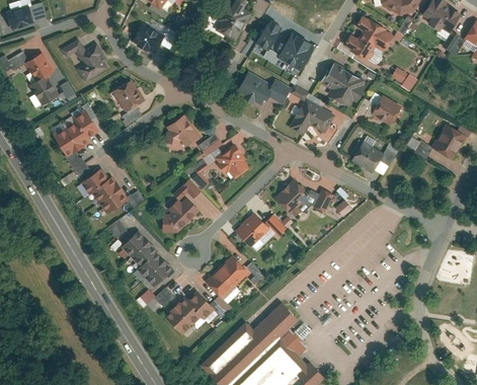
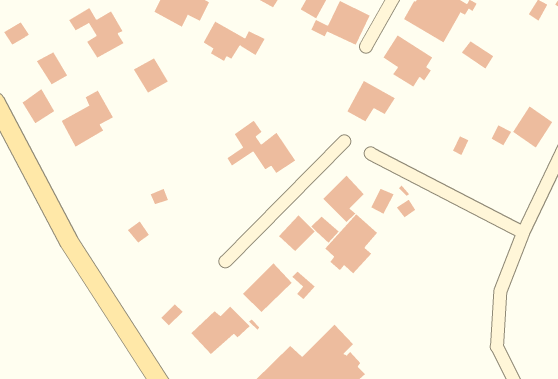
building: [23,52,52,82] -> [22,88,55,124]
building: [238,74,291,108] -> [203,21,265,62]
building: [375,95,403,124] -> none
building: [164,114,200,150] -> none
building: [354,141,384,171] -> none
building: [80,169,129,216] -> none
building: [156,179,203,238] -> none
building: none -> [324,213,378,274]
building: [121,230,169,286] -> none

